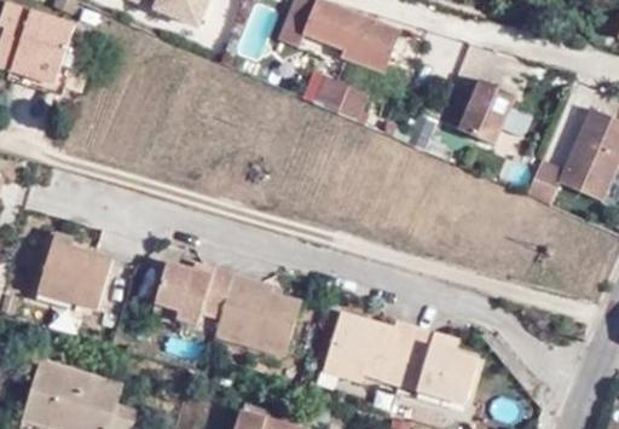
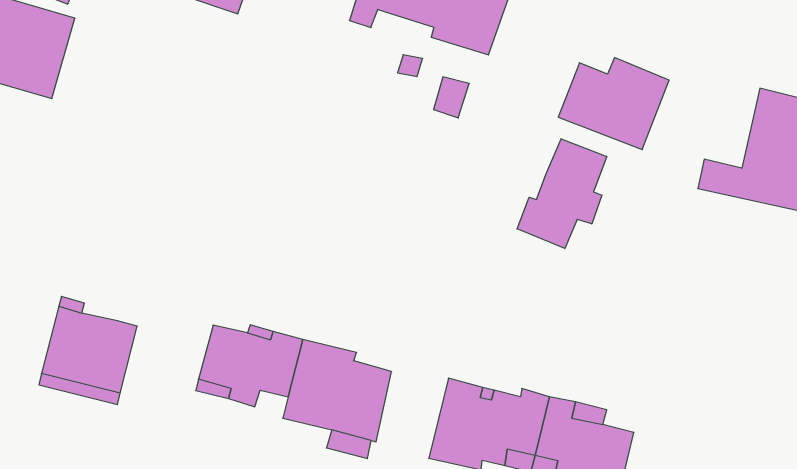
building: none -> [517,139,607,249]

